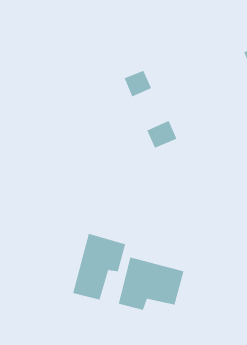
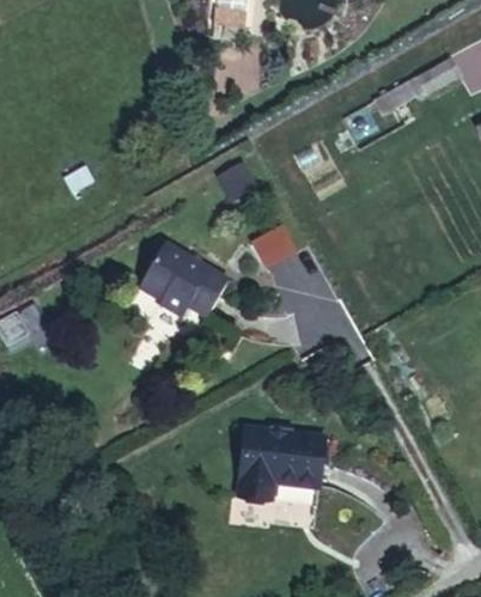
building: none -> [141,234,229,313]
building: [72,233,126,300] -> none

